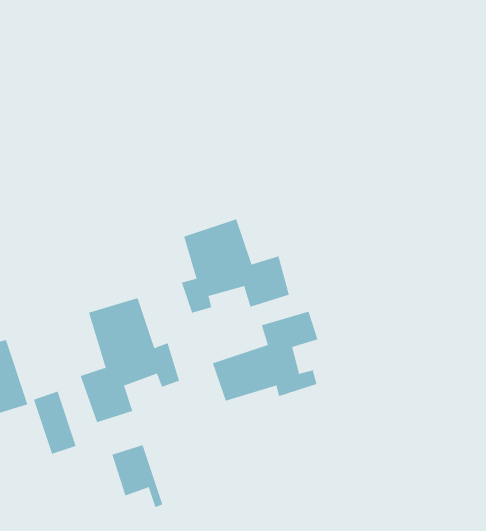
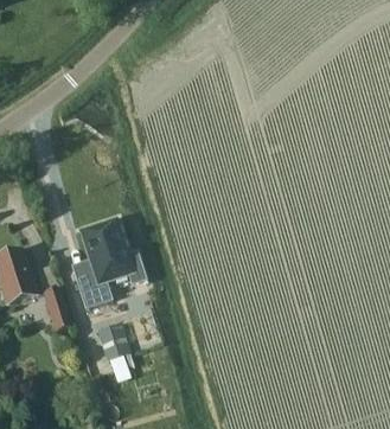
building: [181,219,290,314] -> none
building: [212,311,318,402] -> none

